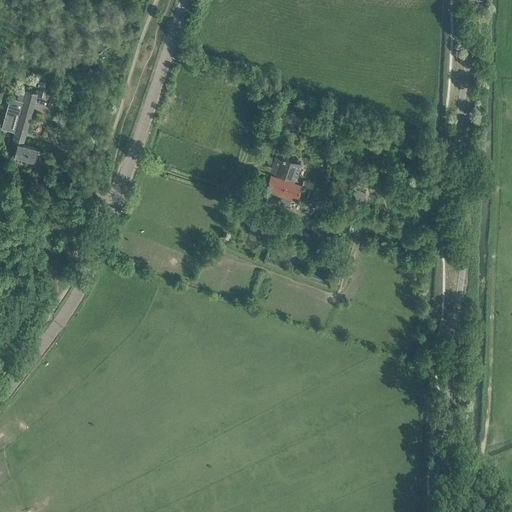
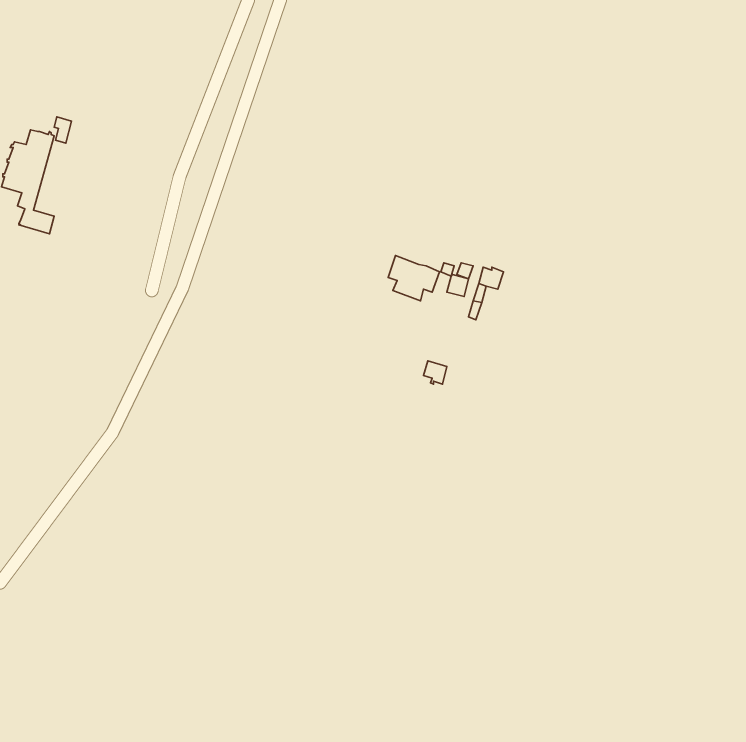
building: [273,158,300,185] -> none

